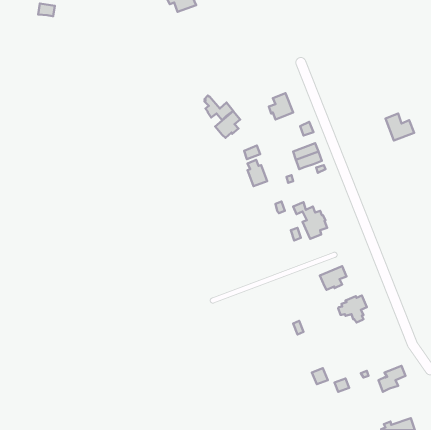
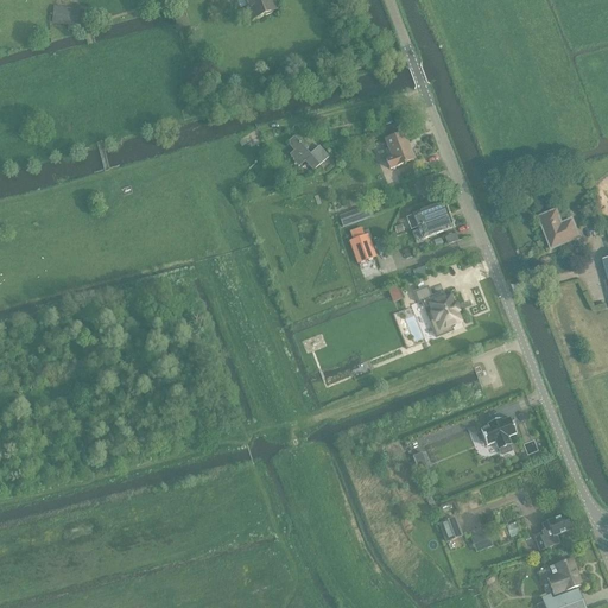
building: [215,111,240,138] -> none
building: [385,113,414,140] -> [538,208,578,246]
building: [320,266,347,290] -> none
building: none -> [546,557,581,593]

